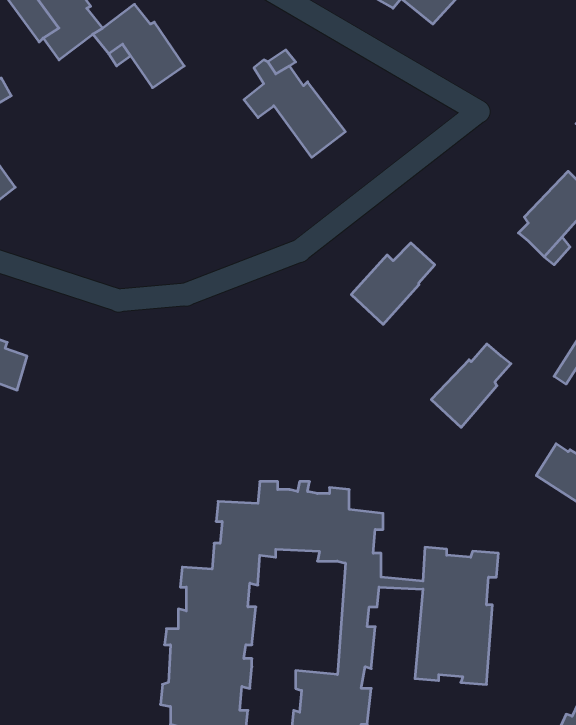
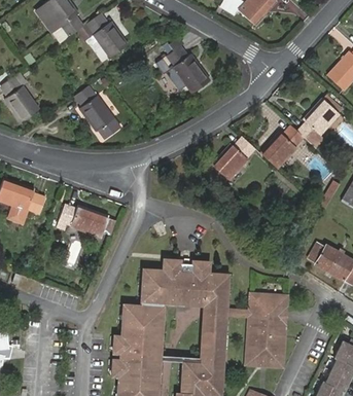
building: none -> [74,87,119,138]
building: [431,344,511,427] -> [262,125,304,169]
building: none -> [57,204,109,237]
building: none -> [161,301,209,360]

